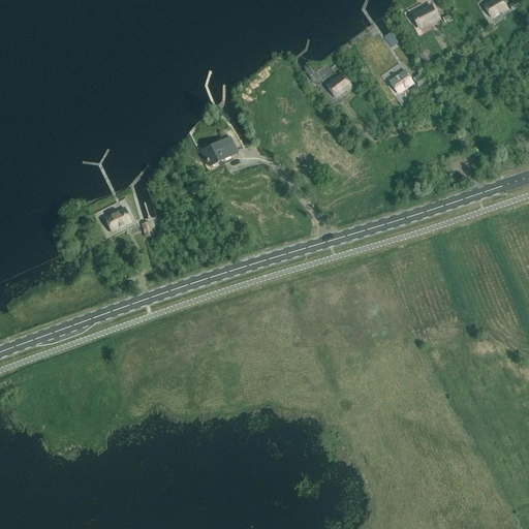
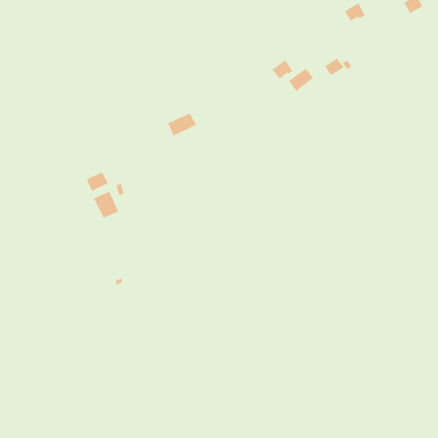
building: none -> [288,68,313,92]
building: none -> [93,191,119,219]

